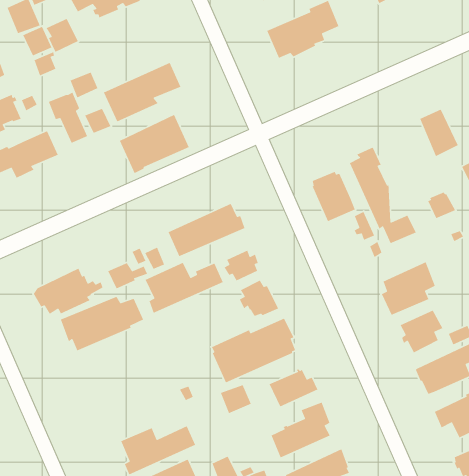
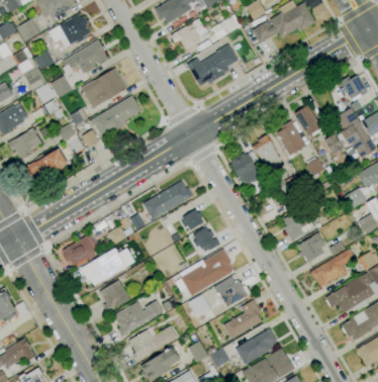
building: [119,114,190,174] -> [82,68,127,109]
building: none -> [276,120,306,156]
building: [145,262,224,314] -> [113,300,164,338]
building: none -> [99,280,129,313]

